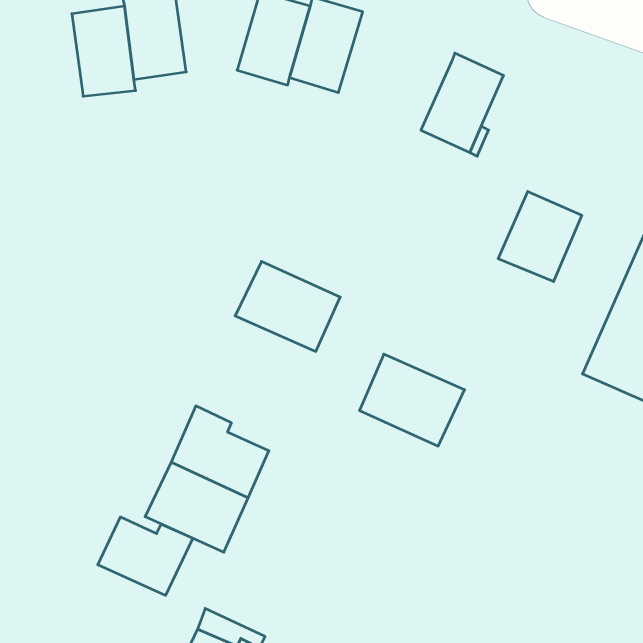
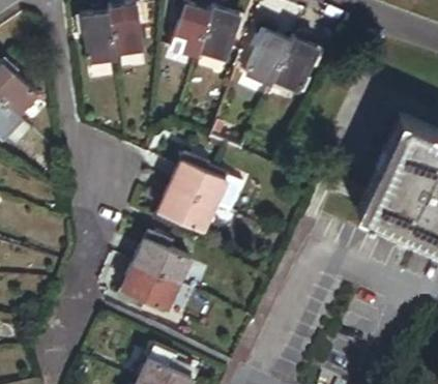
building: none -> [244,31,289,86]
building: [498,191,582,282] -> none
building: [359,354,465,446] -> [156,183,214,234]
building: [98,517,193,595] -> none

